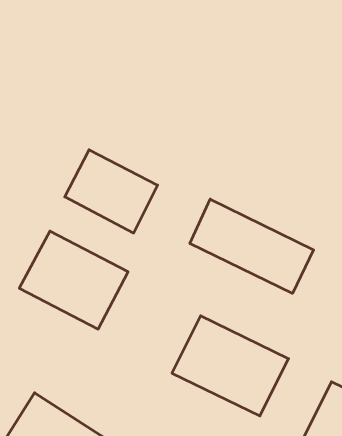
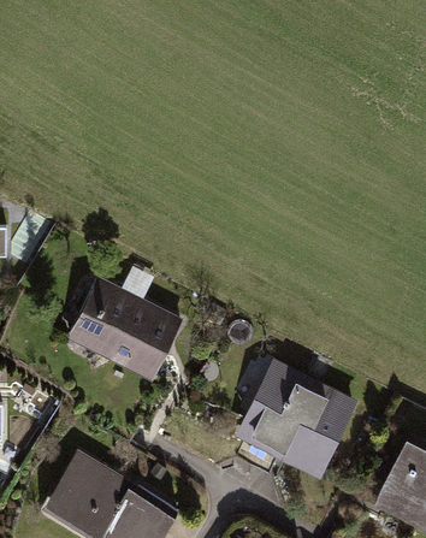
building: [65,150,158,233] -> none
building: [190,199,314,293] -> none

